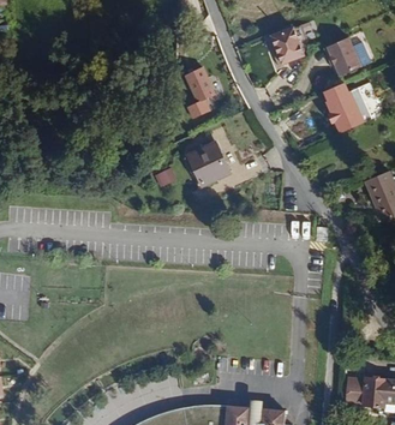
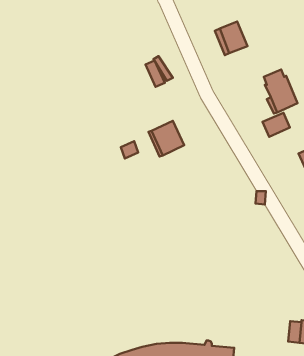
building: [324,37,361,76] -> none
building: none -> [262,113,290,137]

